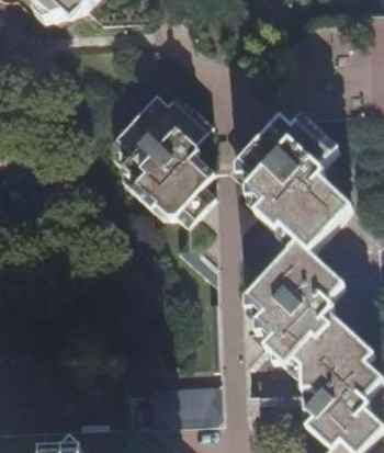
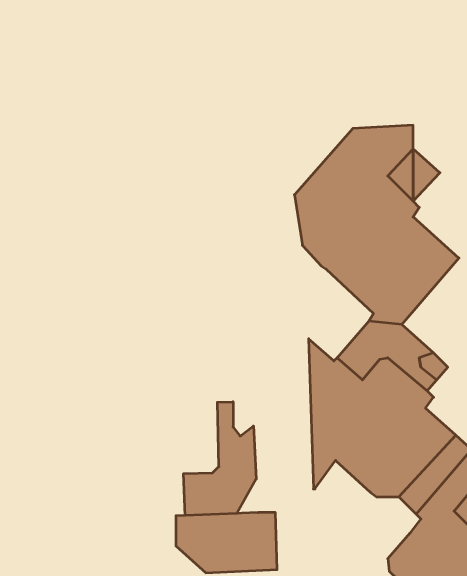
building: [109,93,218,226] -> none
building: none -> [184,402,256,515]

